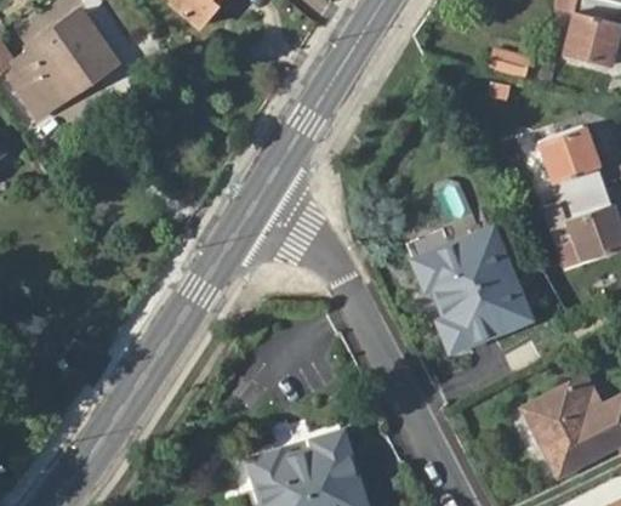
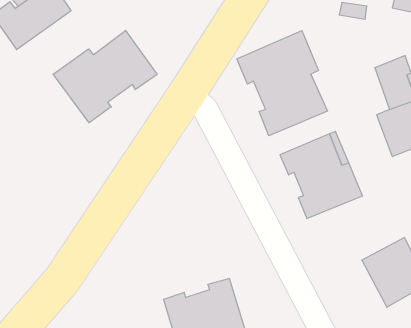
building: none -> [53,30,157,123]
building: none -> [237,31,327,136]

